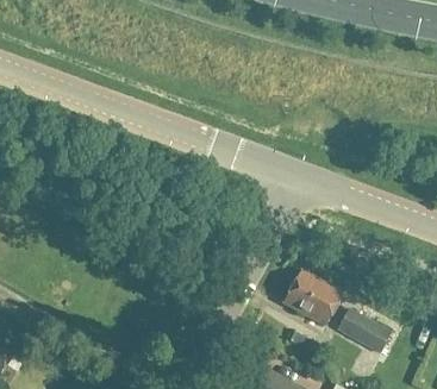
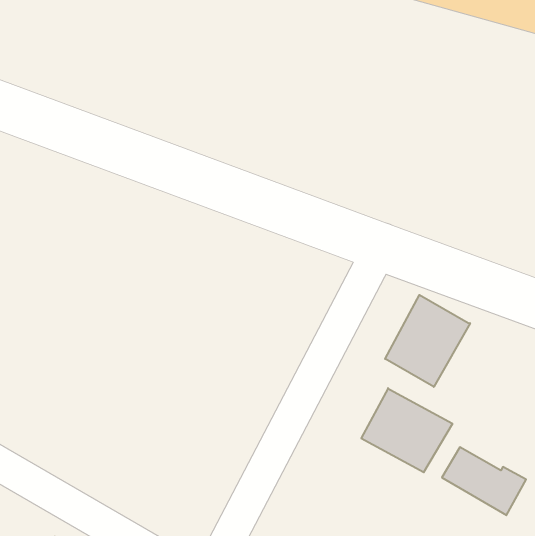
building: none -> [385,295,470,387]

